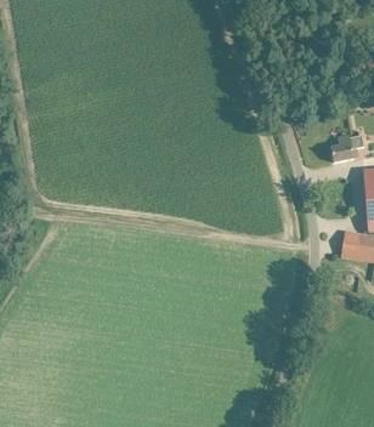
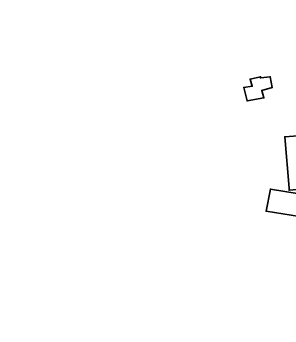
building: [328,133,361,161] -> [244,77,272,101]

